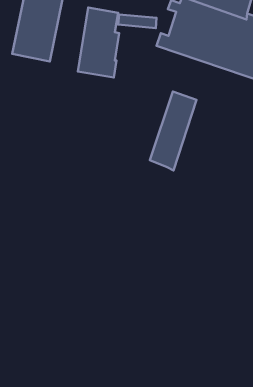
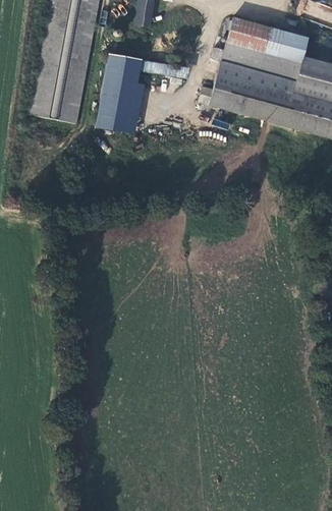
building: [150,91,197,171] -> none

